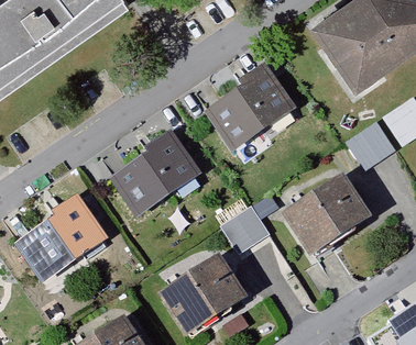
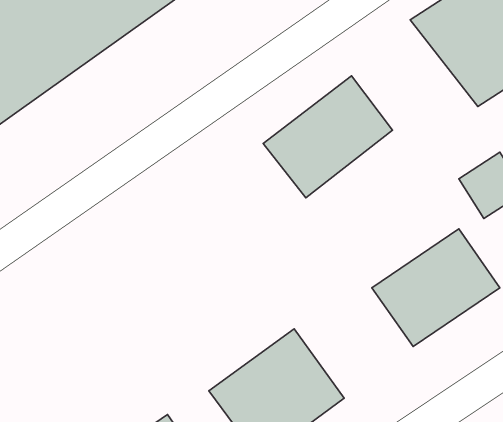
building: [105,131,198,216] -> none
building: [10,190,113,285] -> none
building: [220,203,272,253] -> none

